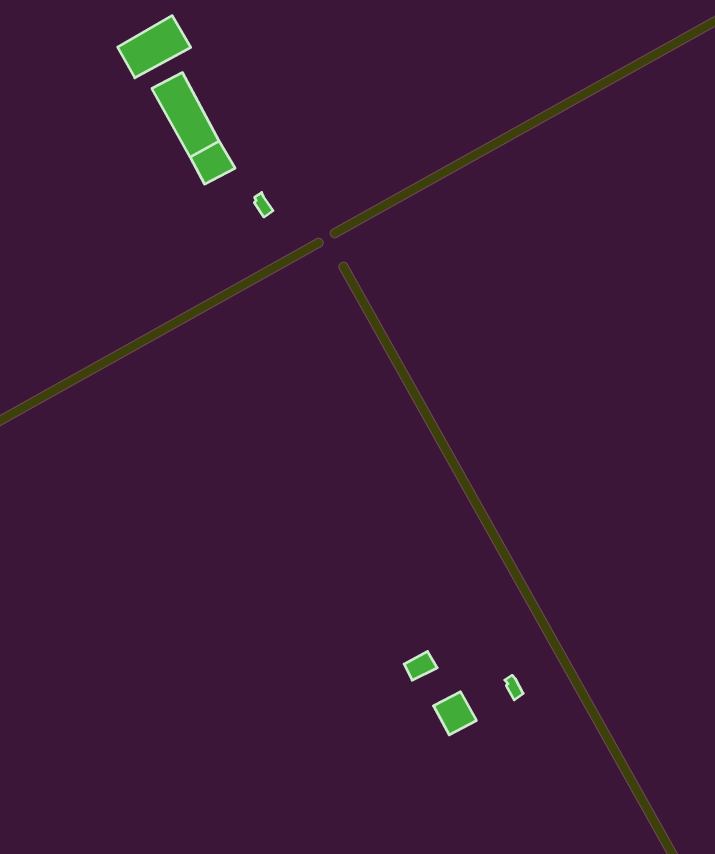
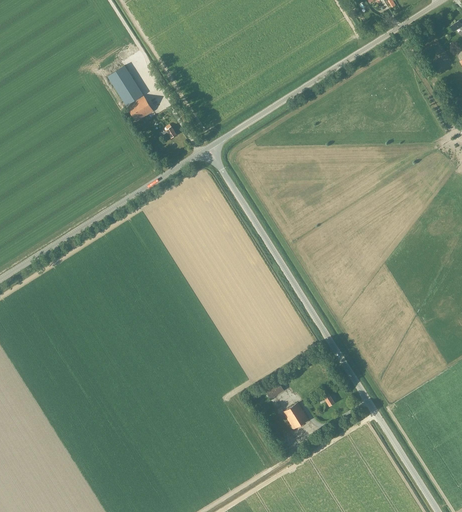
building: [118,16,191,78] -> none

